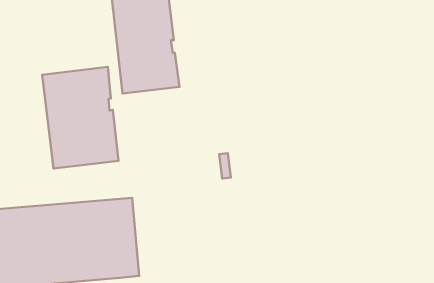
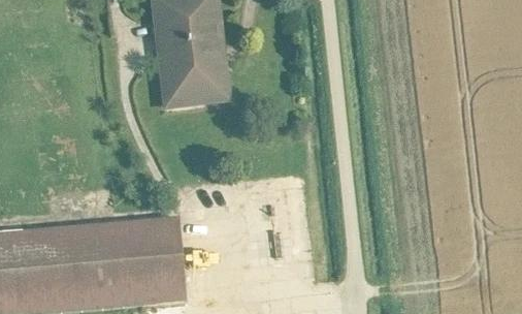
building: [42,67,118,169] -> none

